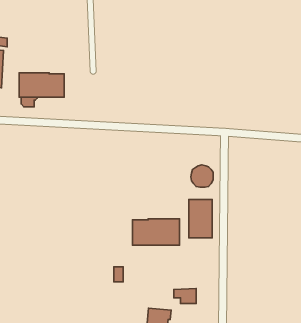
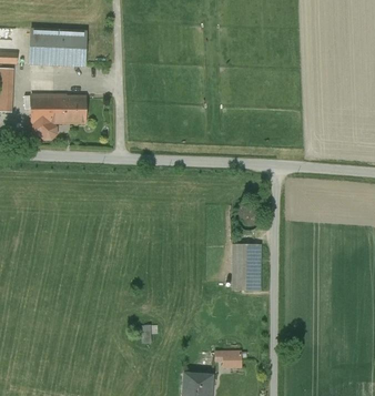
building: none -> [29,30,85,67]
building: [133,219,180,245] -> none

